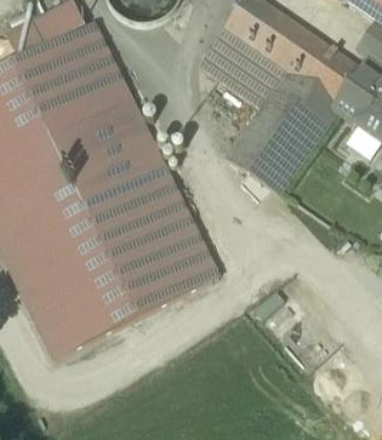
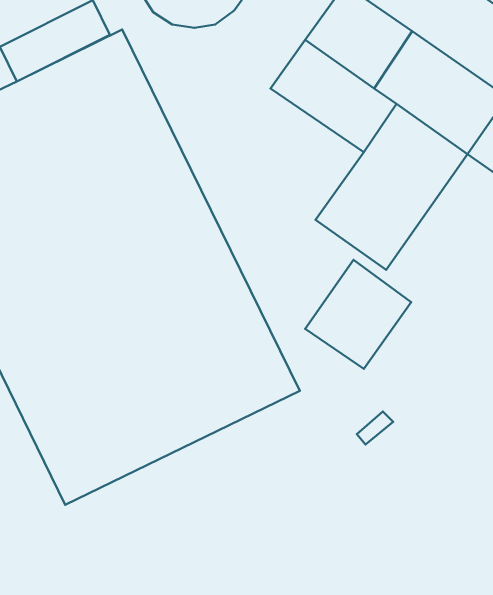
building: none -> [305,260,411,369]

